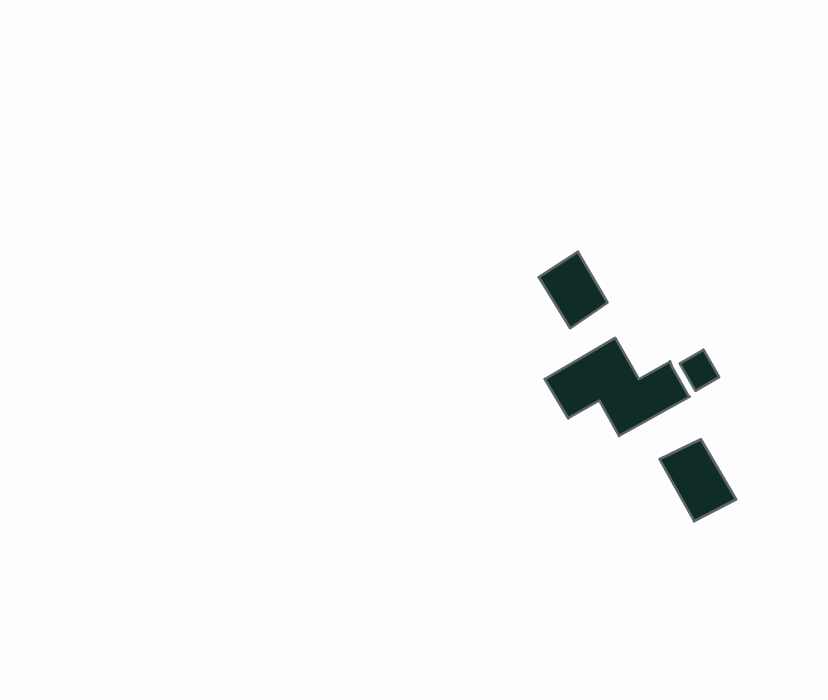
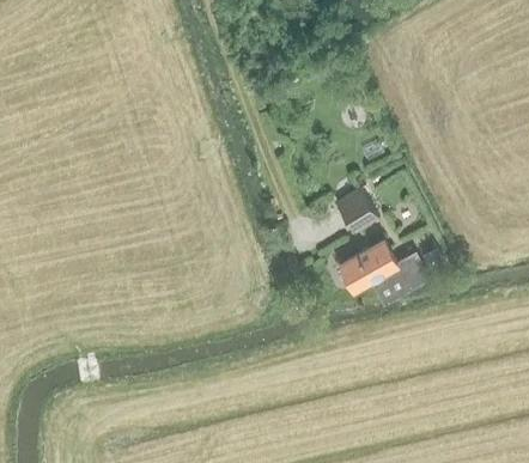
building: [660,439,736,521] -> none

